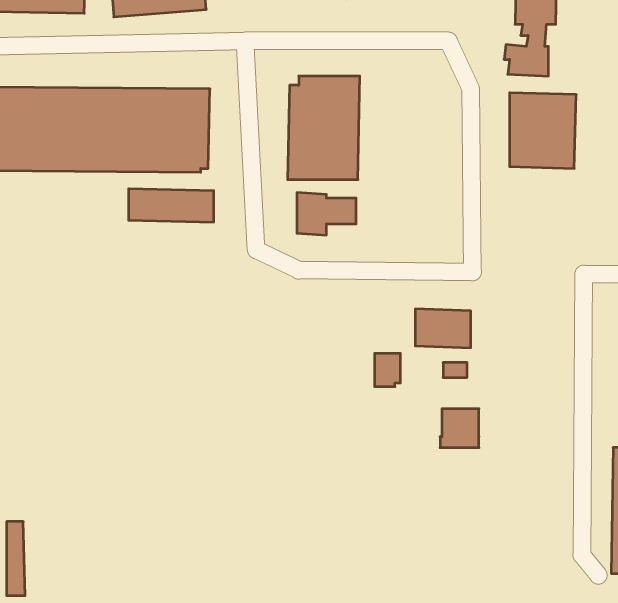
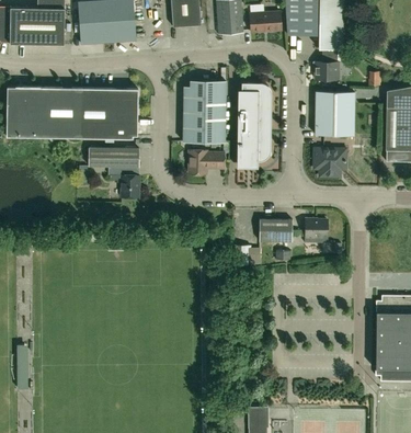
building: none -> [237,81,272,167]
building: none -> [315,148,346,175]
building: none -> [110,174,141,196]
building: [440,409,479,448] -> [305,219,328,242]

